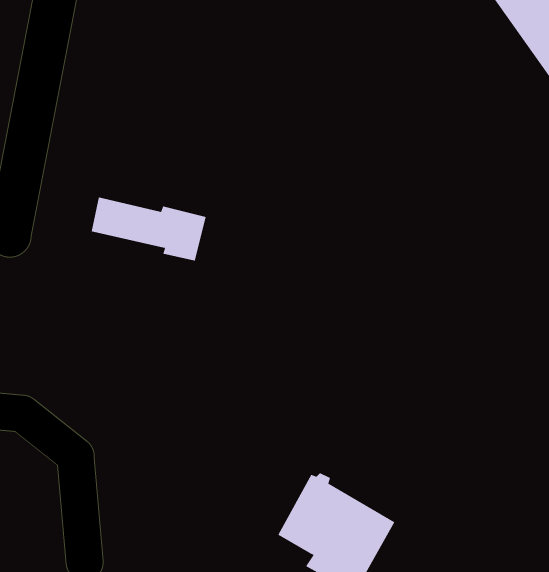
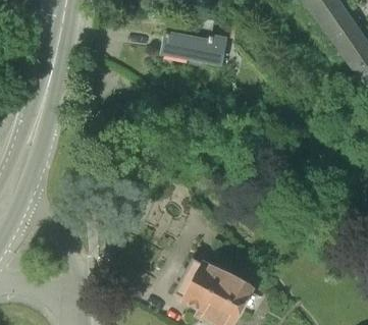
building: [91,197,206,261] -> [161,33,225,68]

